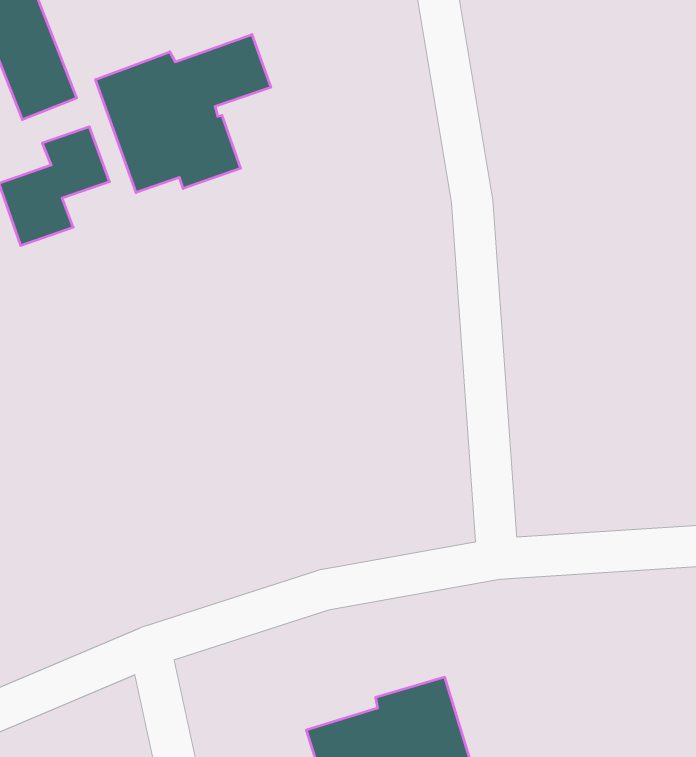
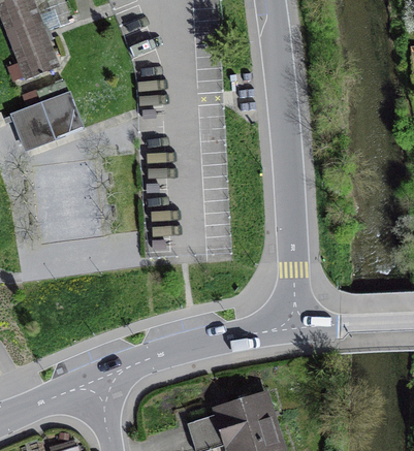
building: [96,34,271,193] -> none

